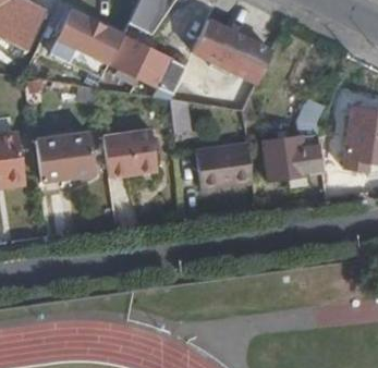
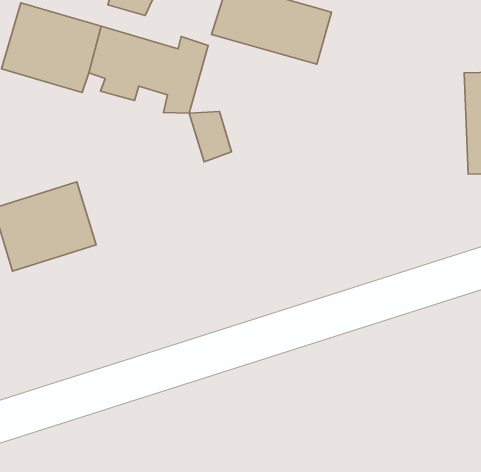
building: [264,102,322,179] -> none
building: [103,130,158,176] -> none
building: [196,143,253,188] -> none

